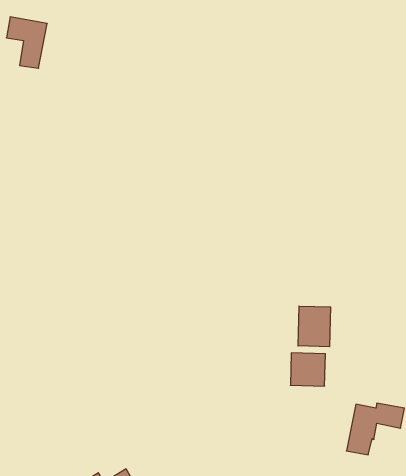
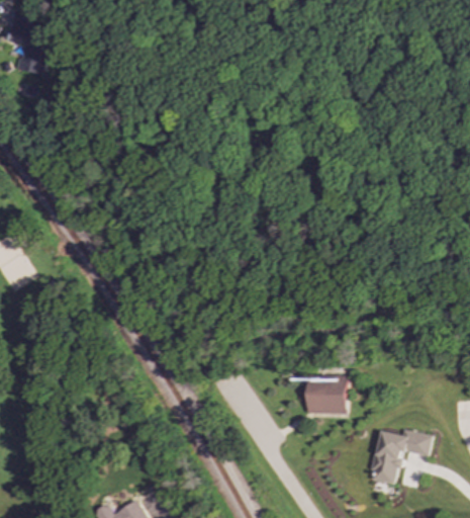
building: [298,306,331,347] -> none

